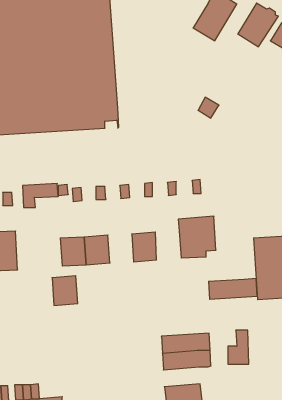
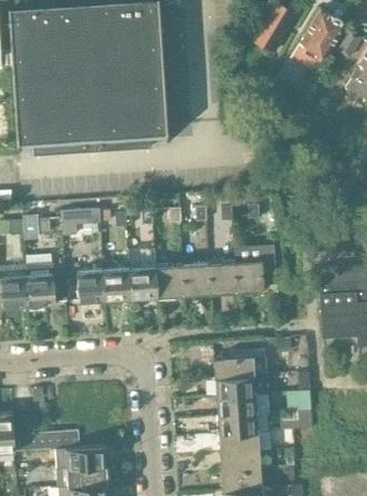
building: none -> [209,262,237,294]
building: none -> [156,265,185,297]
building: [52,276,78,305] -> [77,269,105,302]
building: [209,278,257,299] -> [214,355,268,378]
building: none -> [218,412,268,434]

